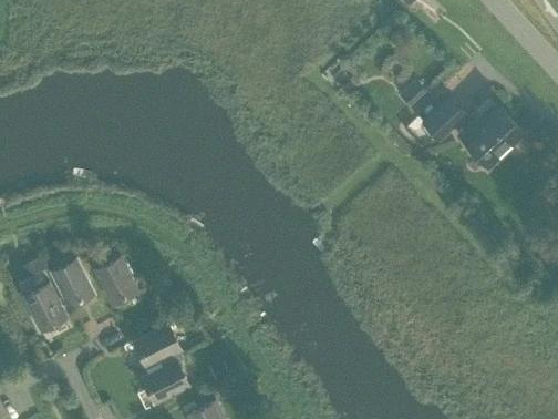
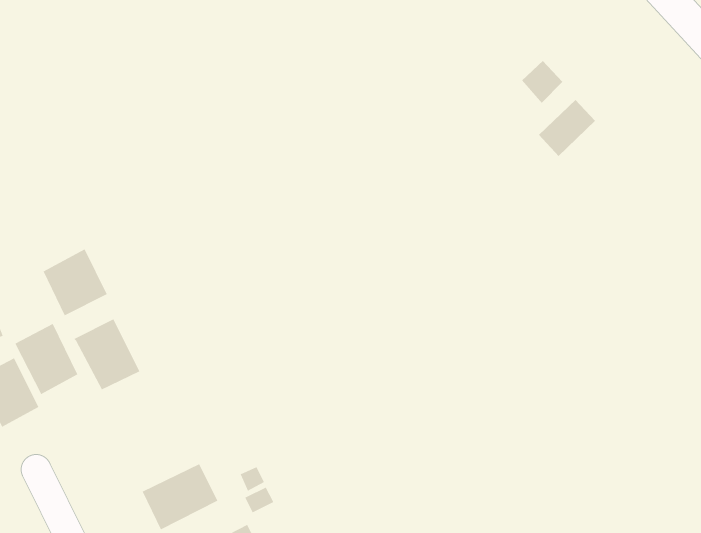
building: [458,106,524,167] -> none
building: none -> [43,248,108,316]
building: [132,325,182,370] -> none

